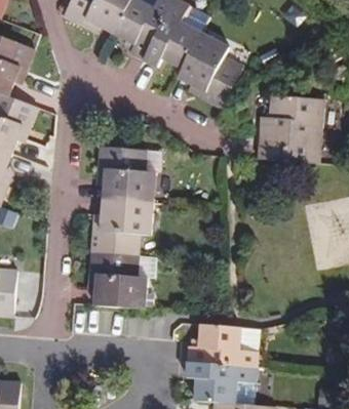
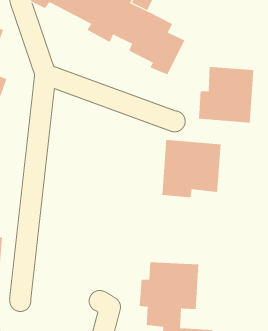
building: [89,144,161,306] -> none
building: none -> [162,139,221,198]

